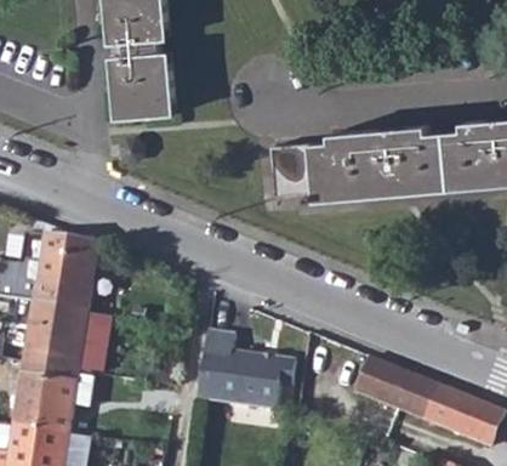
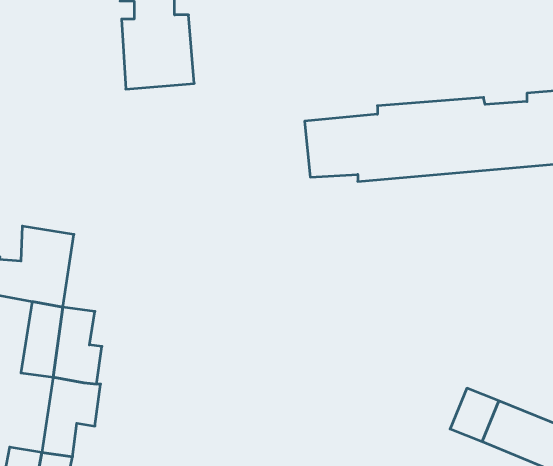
building: [58,244,95,311] -> none
building: [199,334,295,411] -> none
building: [353,360,409,413] -> none
building: [12,364,50,433] -> none

